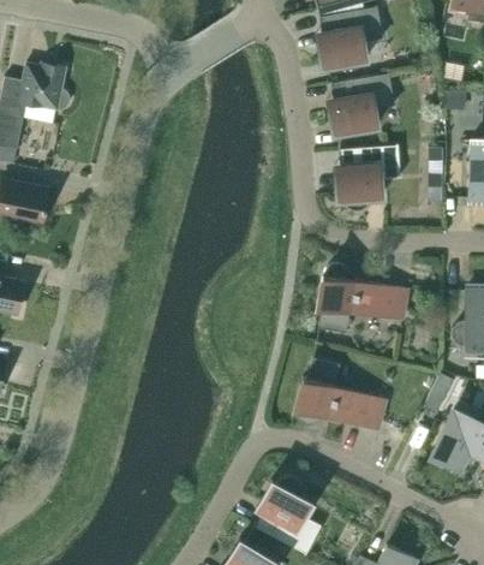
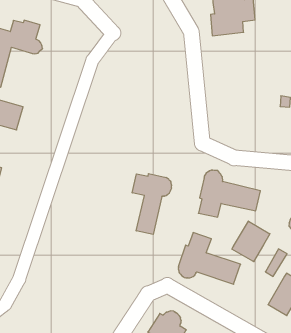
building: [328,73,395,132] -> none
building: [335,144,402,212] -> none
building: none -> [132,174,172,234]
building: none -> [232,221,270,262]

